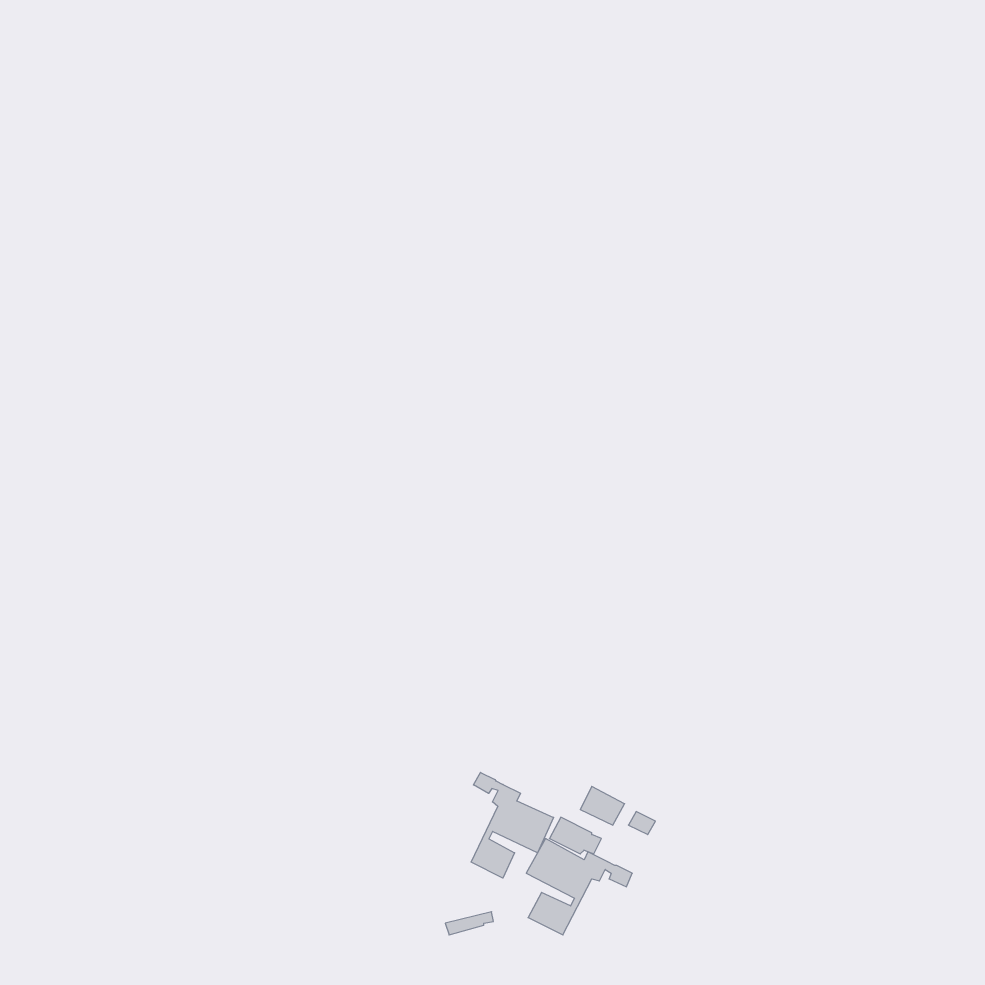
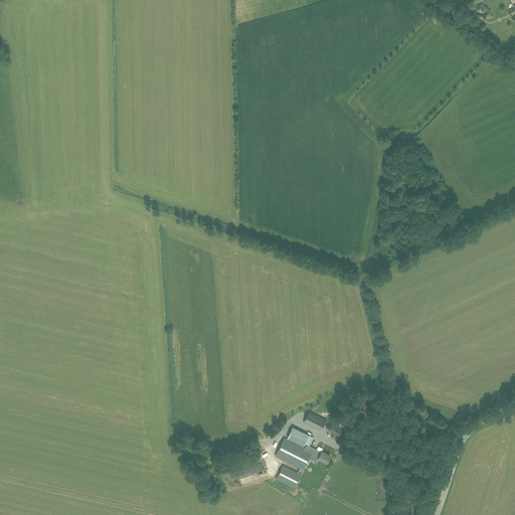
building: [471,772,554,878] -> none

